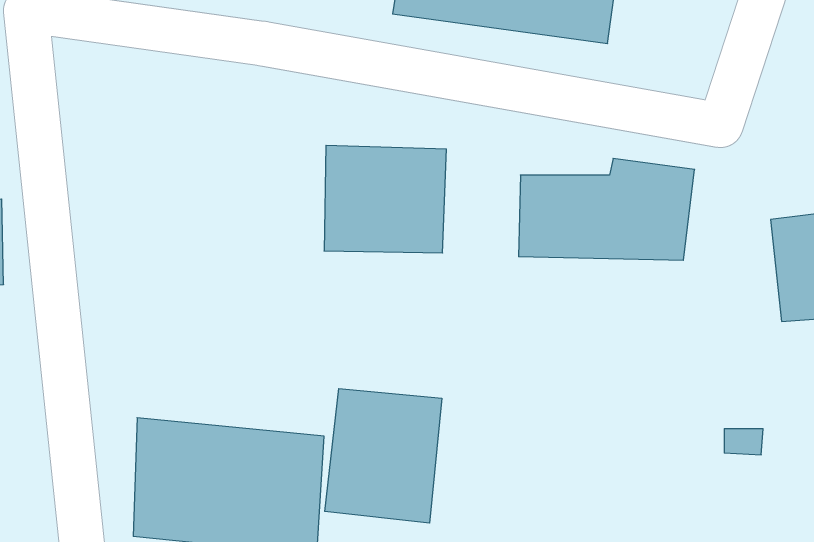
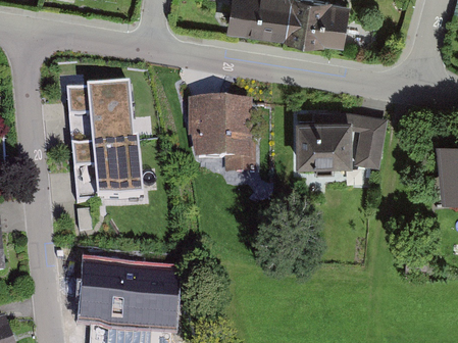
building: none -> [68,82,146,205]
building: [325,389,442,523] -> none

